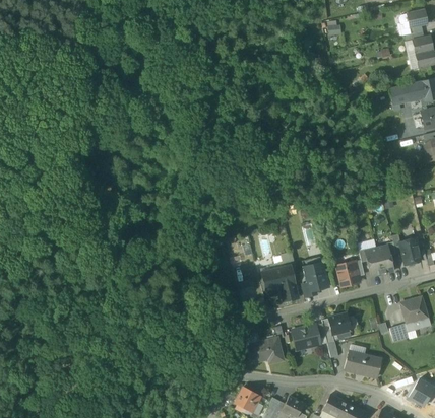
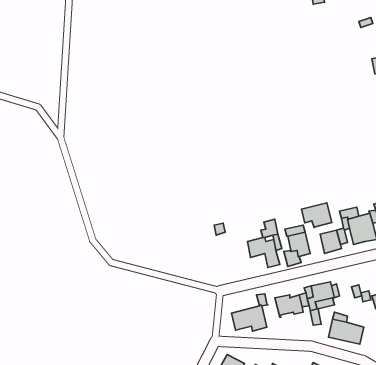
building: none -> [302,203,332,227]

